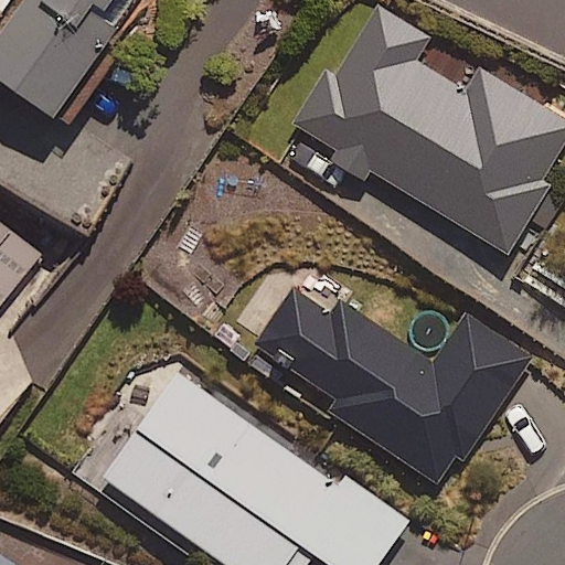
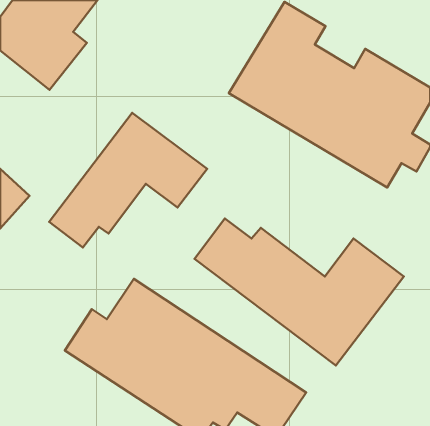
building: none -> [49,113,207,247]

